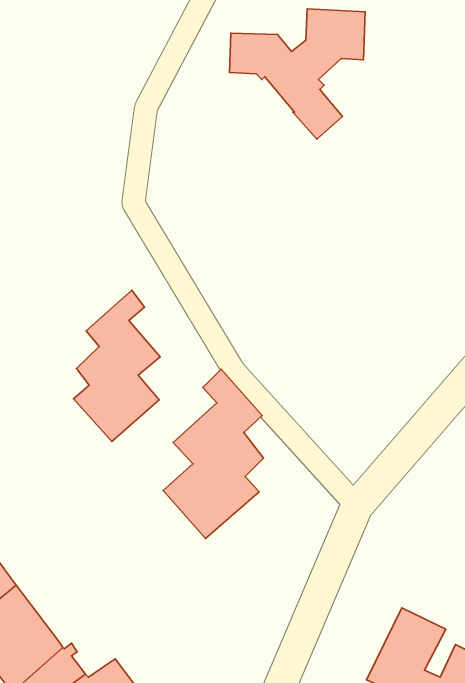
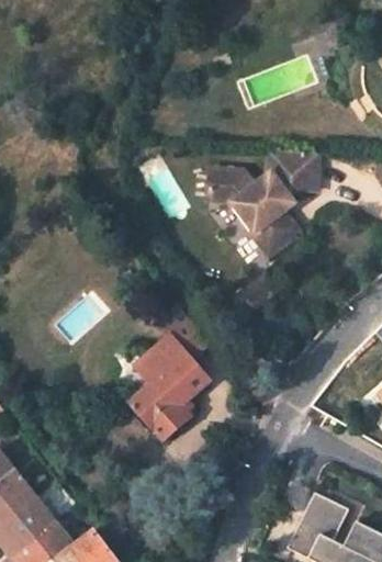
building: [229,9,365,139] -> [210,154,315,255]
building: [73,290,160,442] -> none

